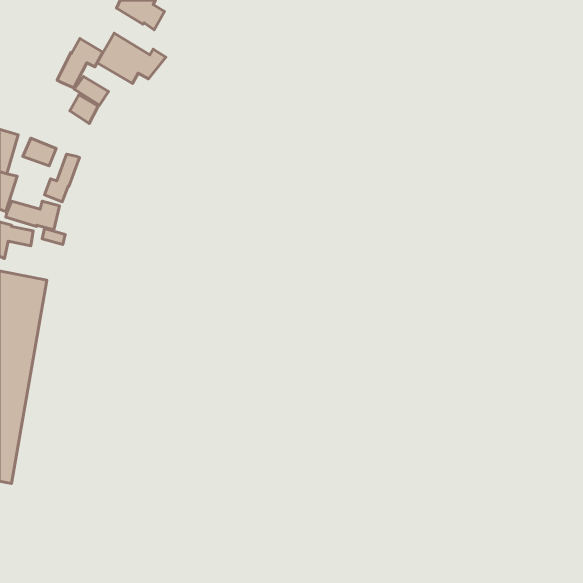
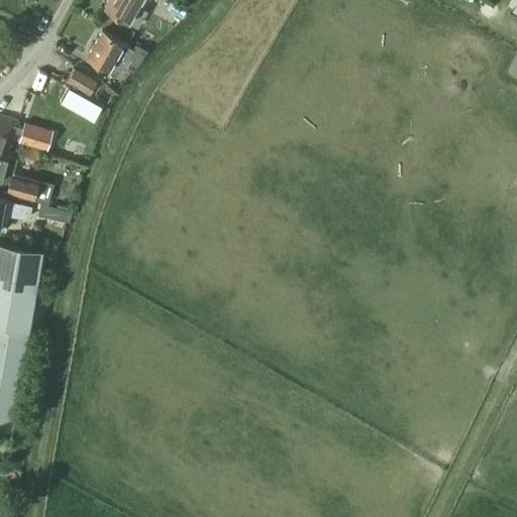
building: [57,39,103,88] -> none
building: [44,154,79,202] -> none

